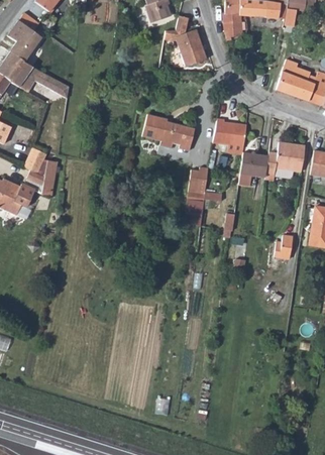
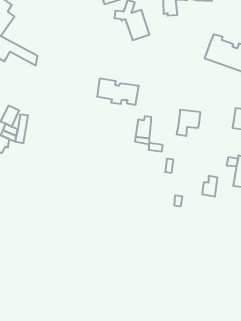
building: [211,117,248,156] -> none
building: [267,141,306,174] -> none

